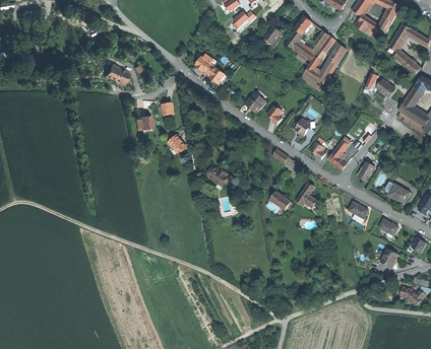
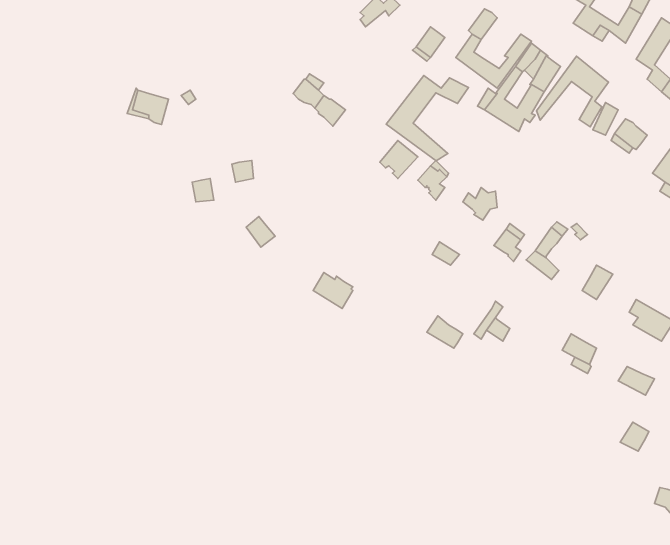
building: none -> [536,56,609,127]
building: none -> [386,76,468,161]

